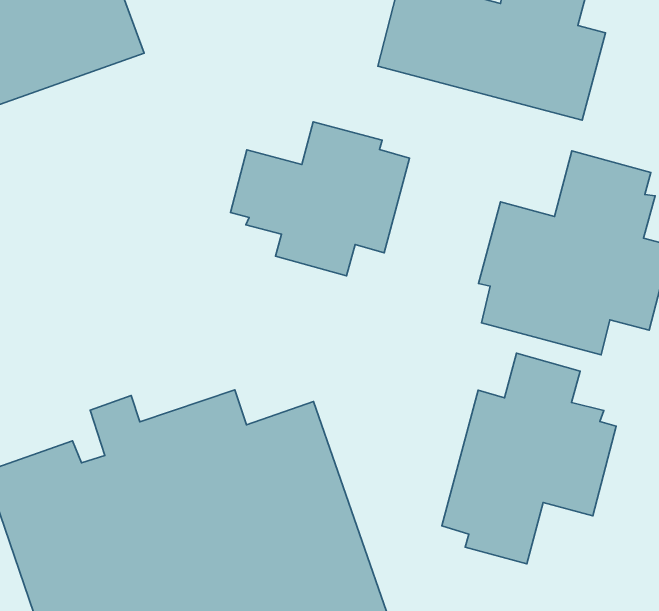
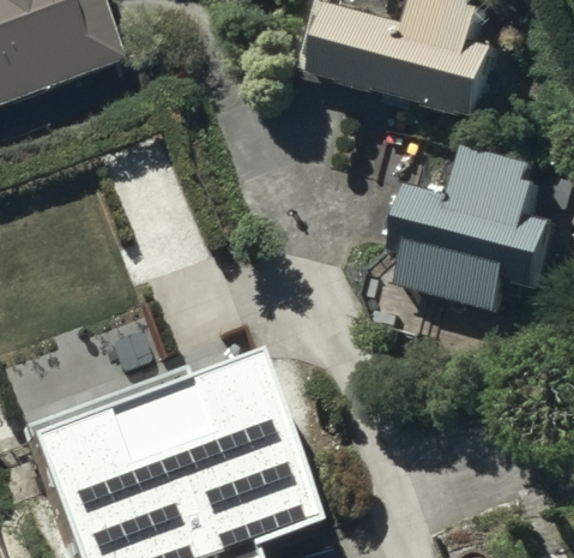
building: [231,122,410,276] -> none
building: [442,353,616,564] -> none

